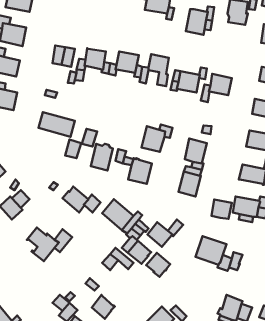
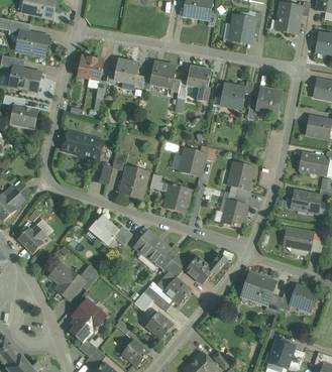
building: [211,200,232,219] -> none
building: none -> [290,286,315,309]
building: [146,253,170,277] -> [145,312,173,339]
building: none -> [71,299,105,341]

